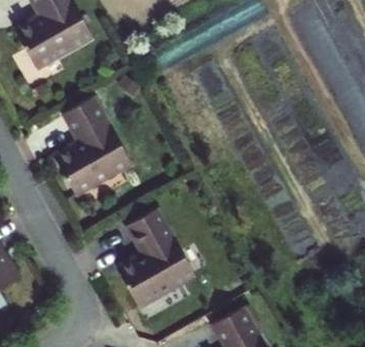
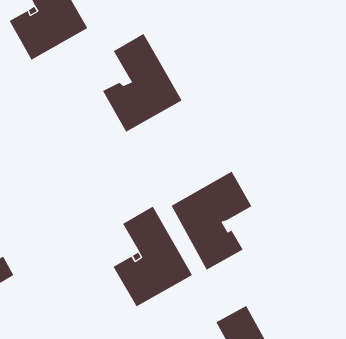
building: [52,101,130,197] -> [102,33,182,133]
building: none -> [171,171,252,270]

